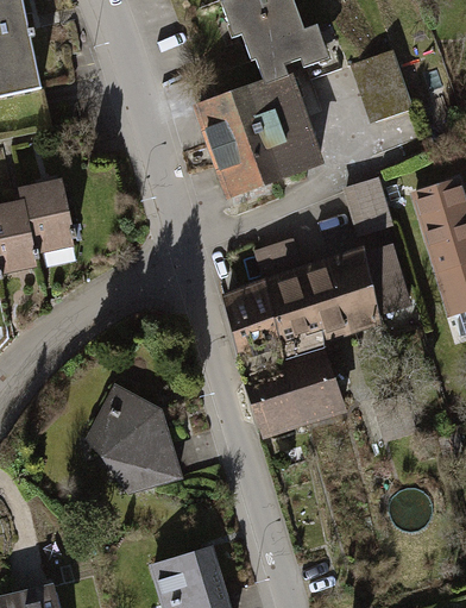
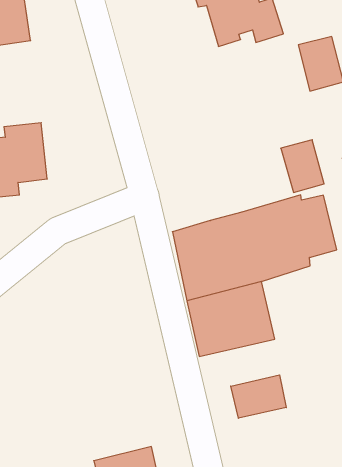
building: [191,69,323,199] -> none
building: [256,238,301,280] -> none
building: [81,381,177,493] -> none
building: none -> [231,375,286,418]

